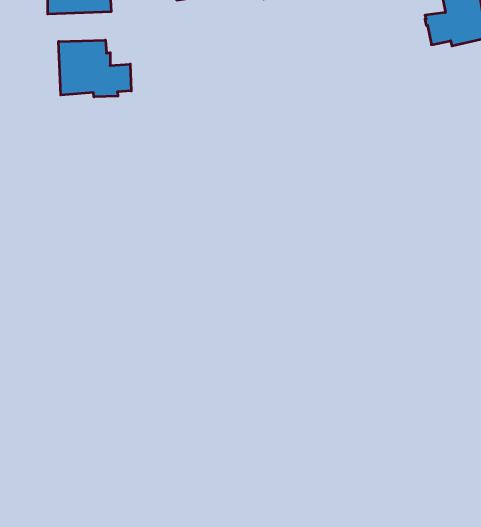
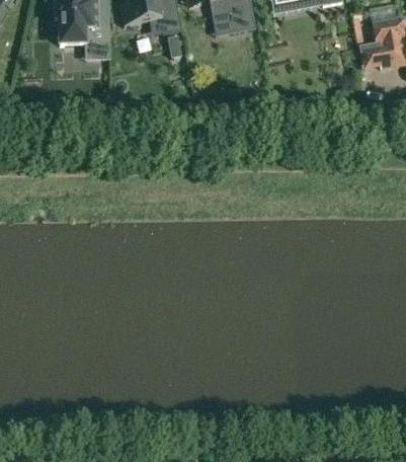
building: [59,40,131,97] -> none

